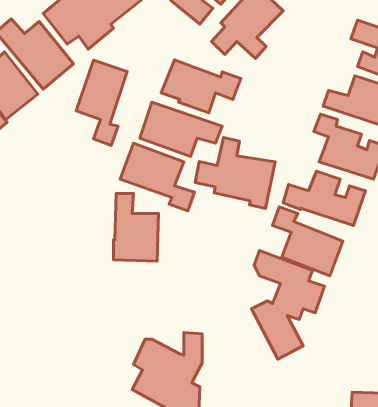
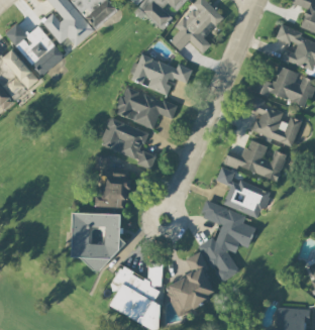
building: [76,60,127,146] -> none
building: [195,138,275,209] -> none
building: none -> [71,213,119,264]
building: none -> [165,251,216,314]

